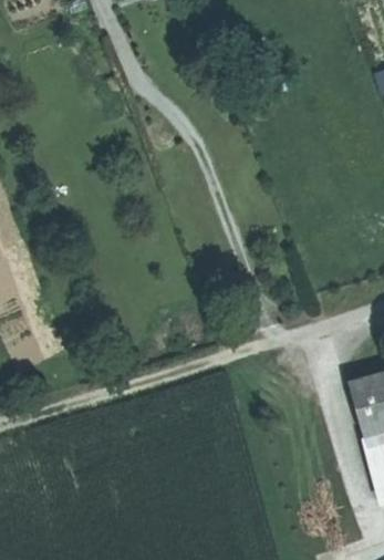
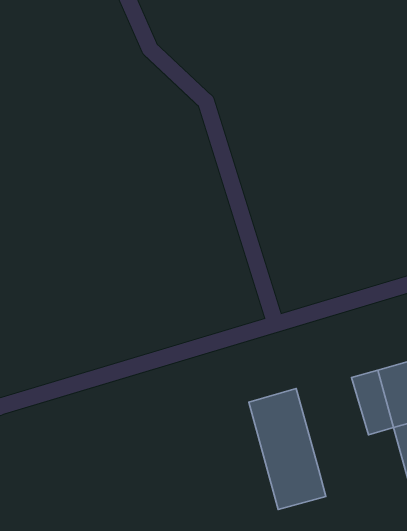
building: none -> [249,389,326,509]

